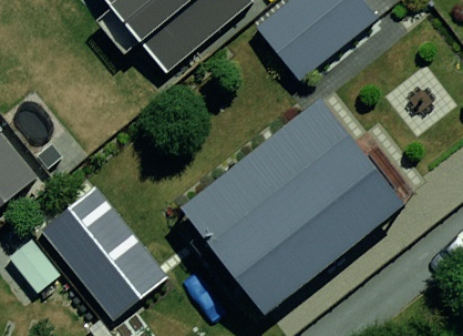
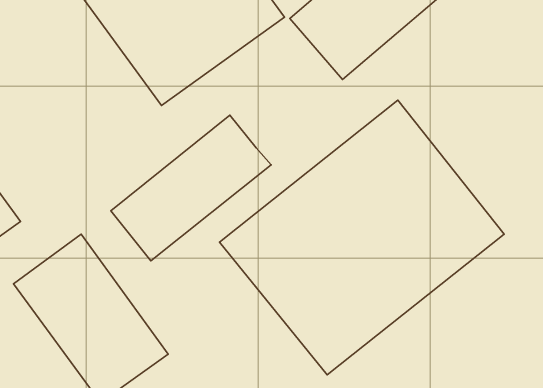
building: none -> [111,115,271,261]

